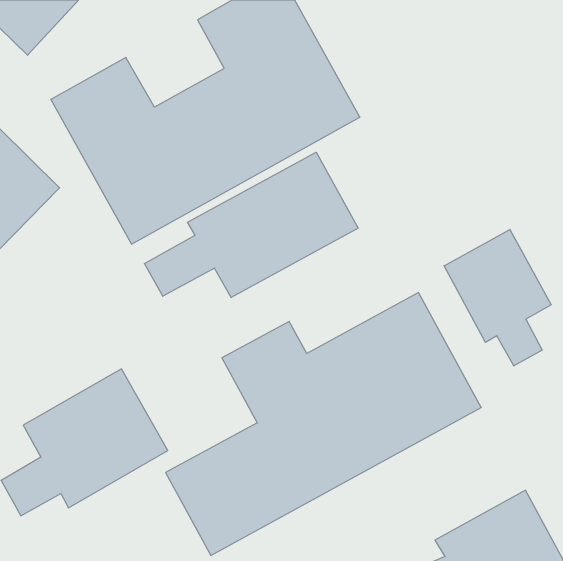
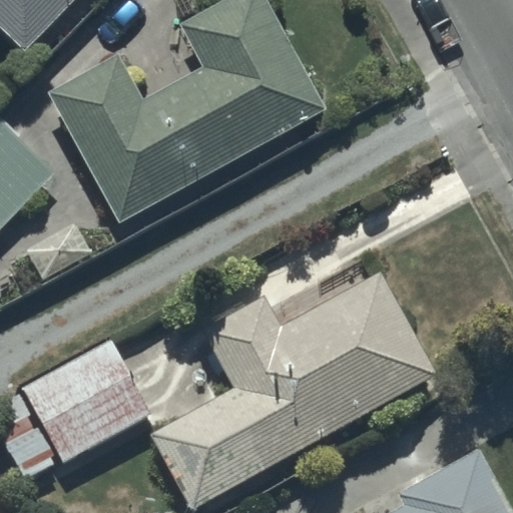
building: [144,152,358,298] -> none
building: [444,229,551,366] -> none

